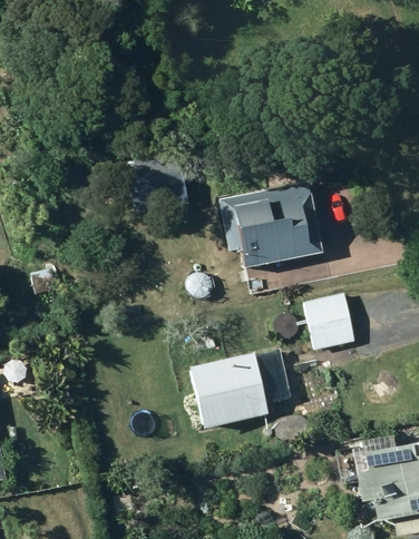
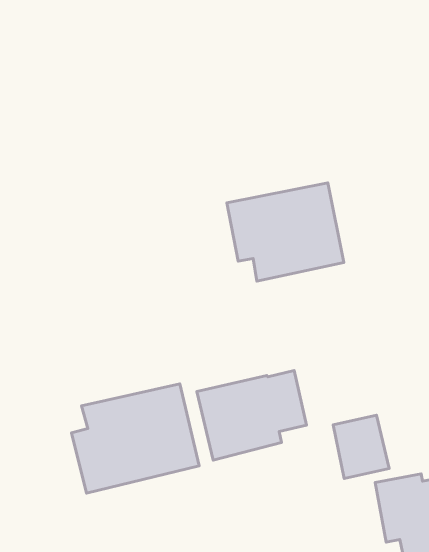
building: [303,293,353,350] -> [333,415,389,478]
building: none -> [71,384,199,493]

